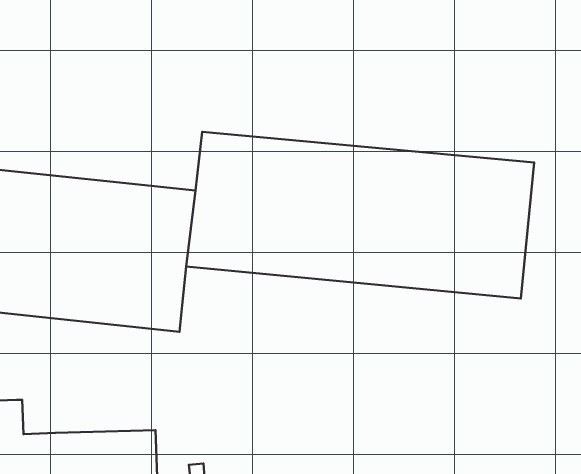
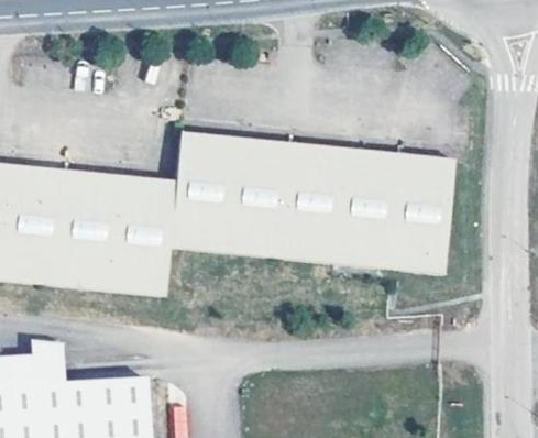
building: none -> [30,340,62,383]

